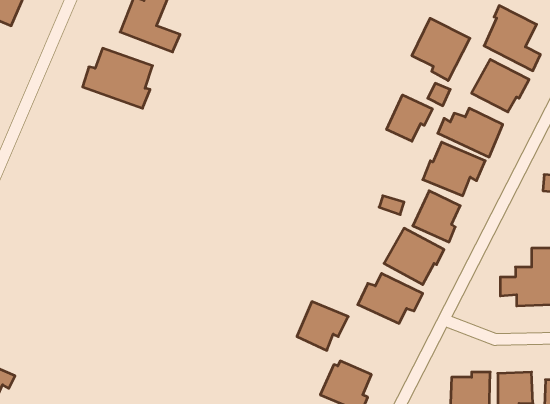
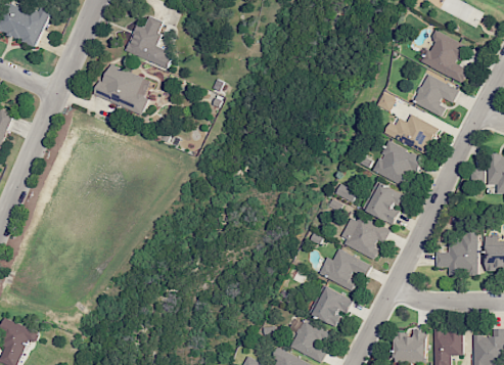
building: [412,18,470,81] -> none
building: [387,95,432,141] -> none
building: [297,302,348,350] -> [312,286,354,326]

